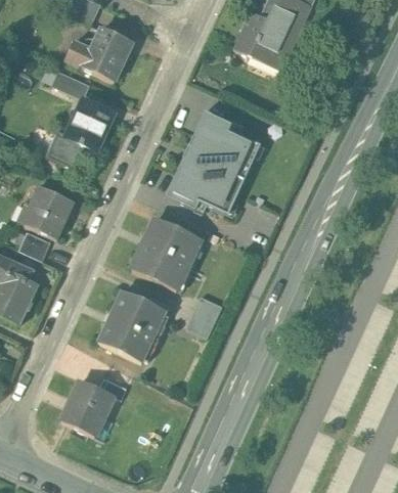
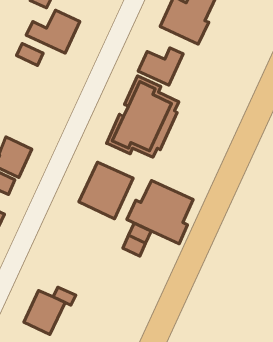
building: none -> [138,48,183,85]
building: [47,98,115,167] -> none
building: none -> [127,180,193,244]
building: [99,290,166,361] -> none

